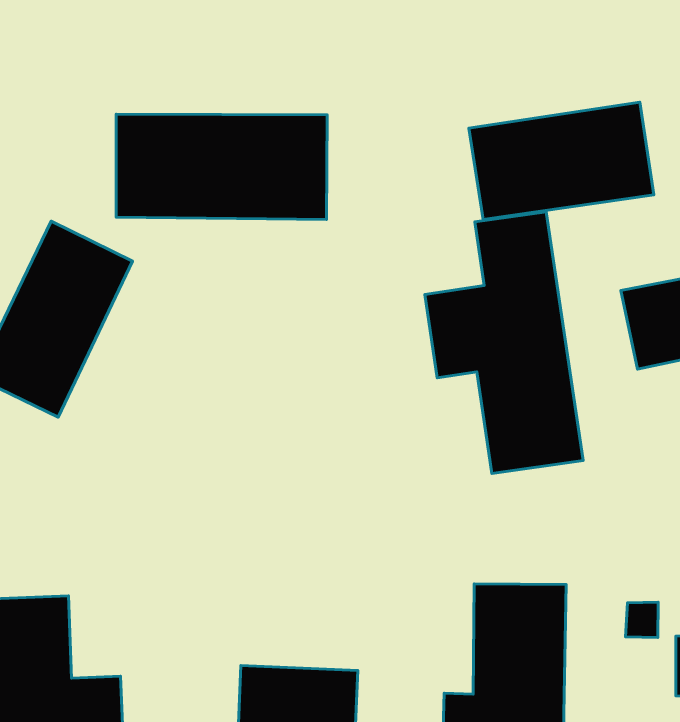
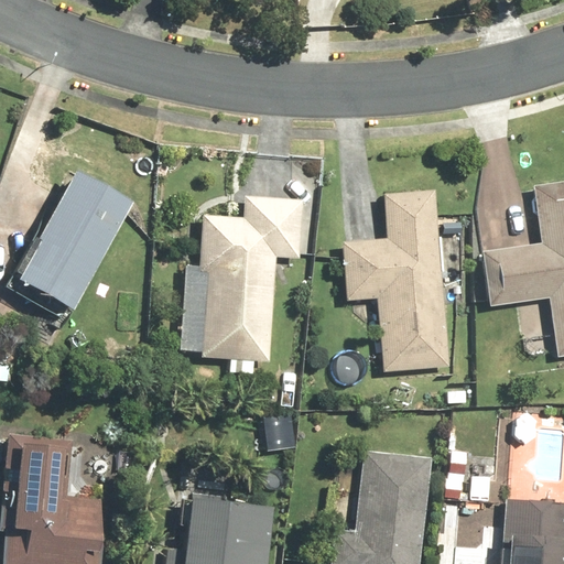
building: [469,102,654,220] -> none
building: [116,114,327,220] -> none
building: none -> [177,195,305,375]

